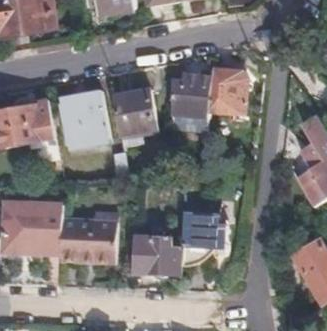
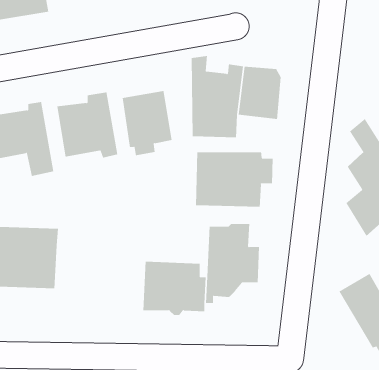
building: none -> [195,151,273,208]
building: [58,218,113,263] -> none

